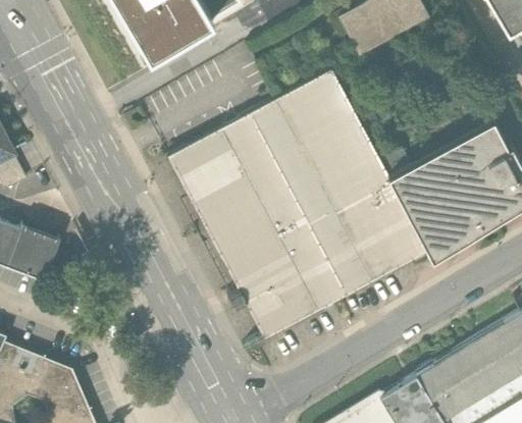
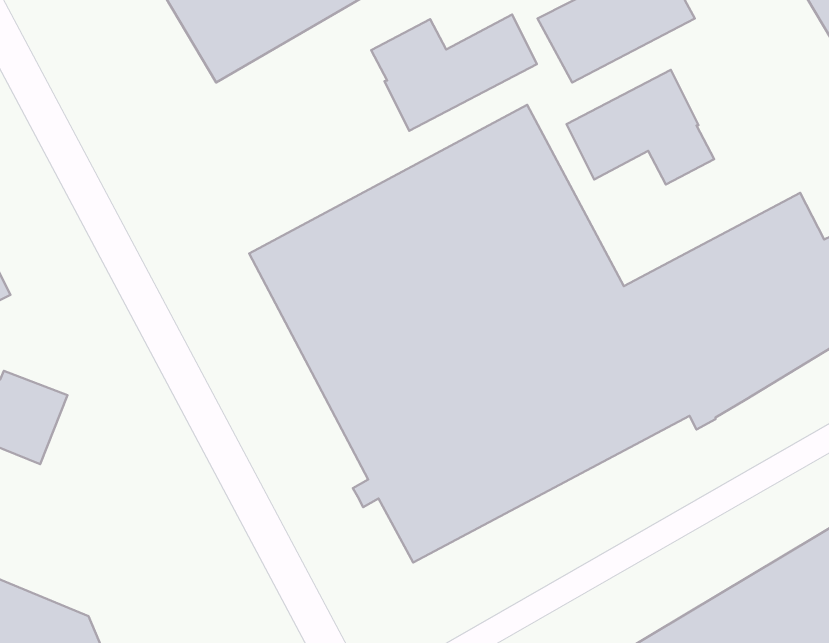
building: none -> [371,15,537,131]
building: none -> [566,70,714,185]

